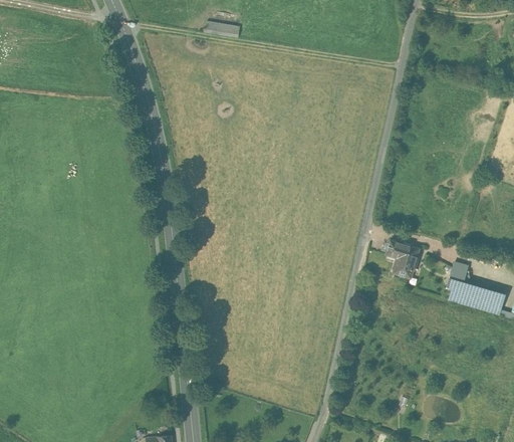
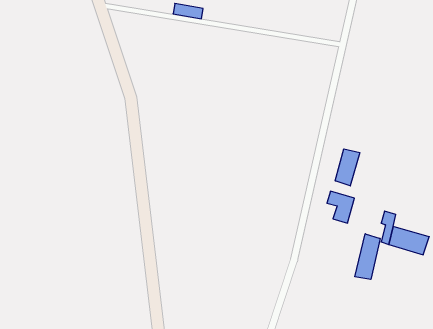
building: none -> [335,149,360,186]
building: none -> [355,234,380,279]

